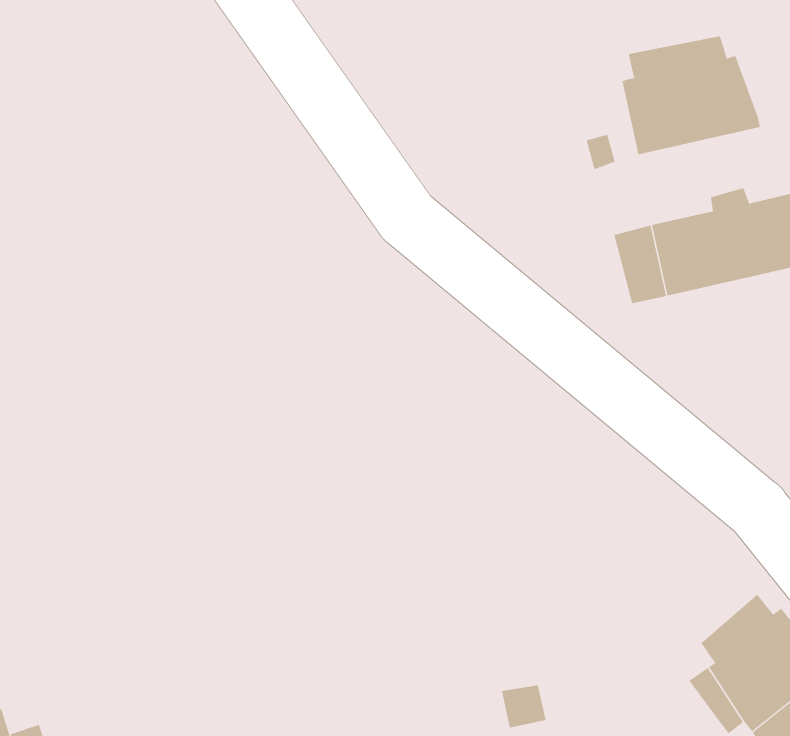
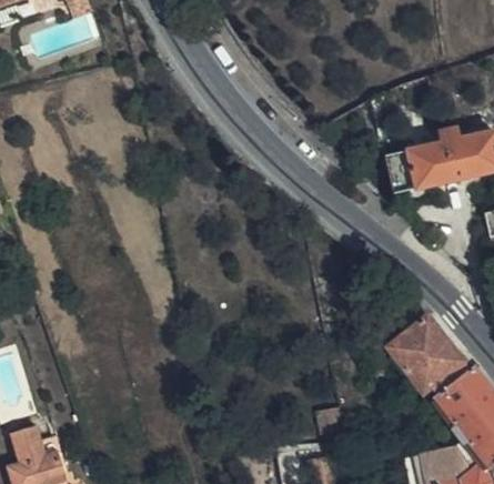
building: [622,35,761,155] -> none
building: none -> [386,299,461,391]

